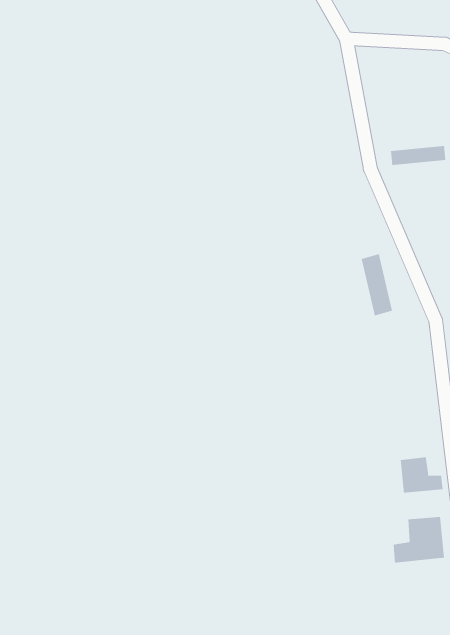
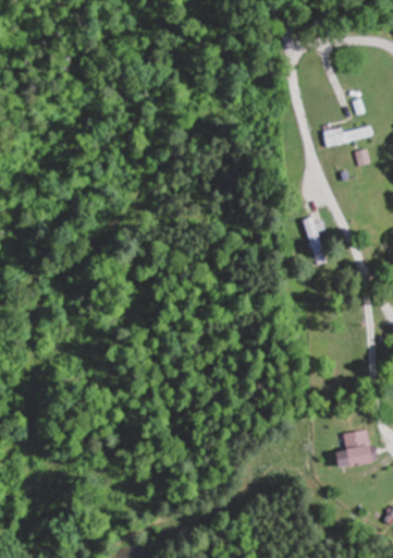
building: [400,457,443,493] -> none

